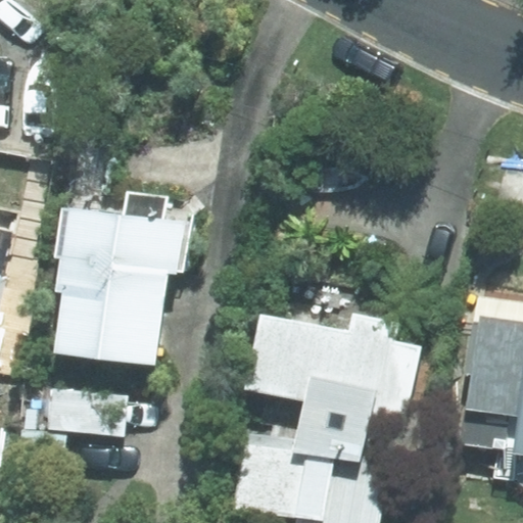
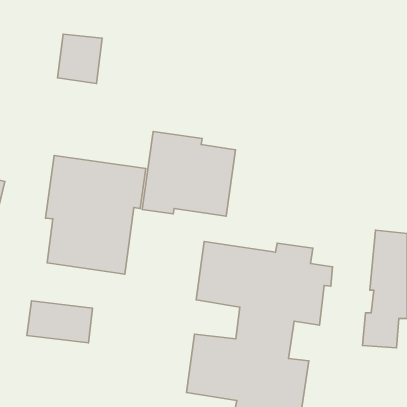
building: none -> [142,131,235,216]

